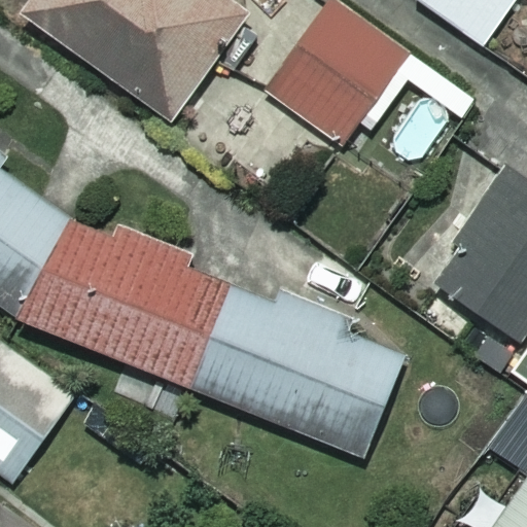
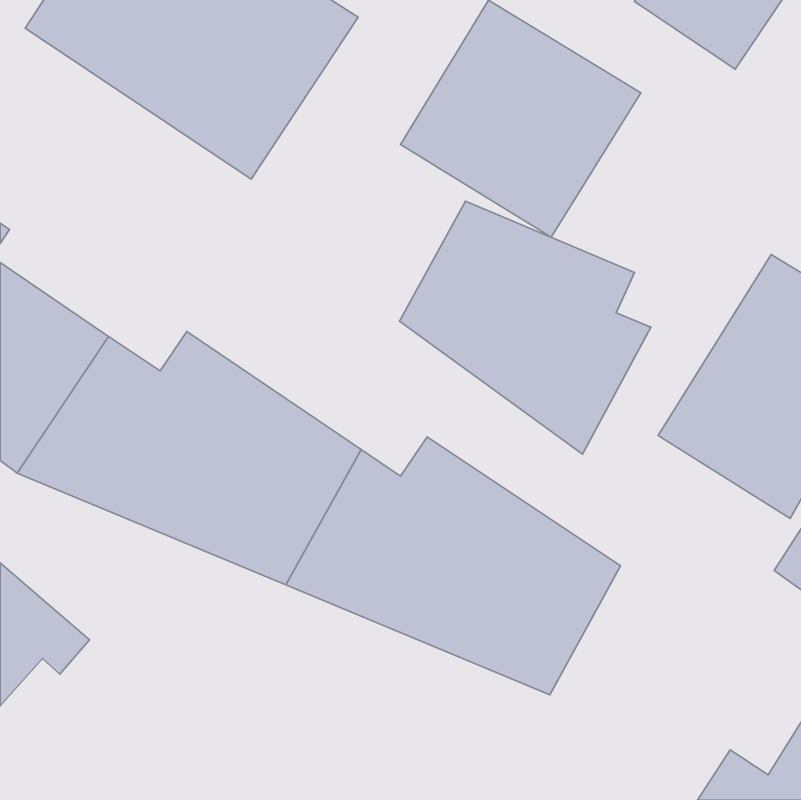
building: none -> [400,201,651,454]

